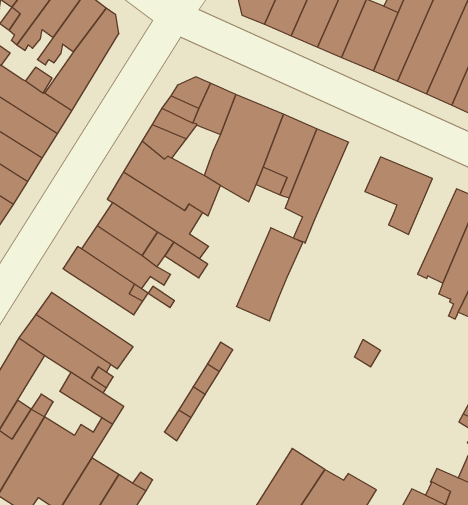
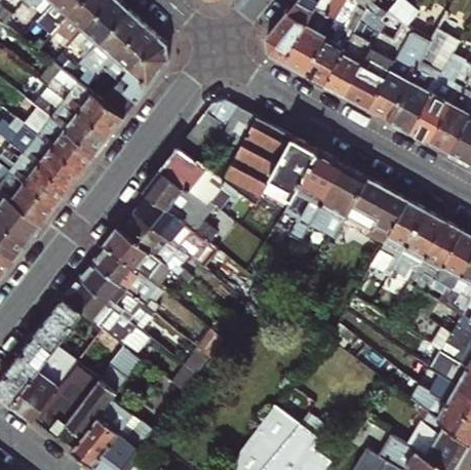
building: none -> [372,201,427,277]
building: [236,228,303,321] -> [310,165,368,240]
building: none -> [92,246,158,313]

